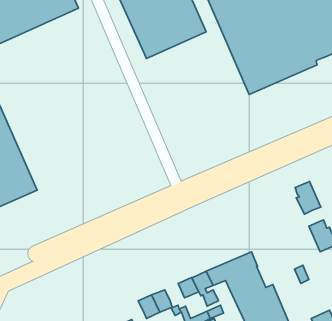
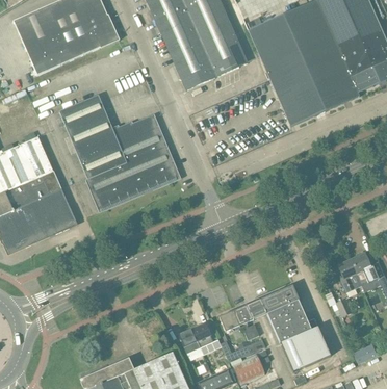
building: none -> [59,95,178,210]
building: [295,181,321,214] -> [336,259,362,292]

